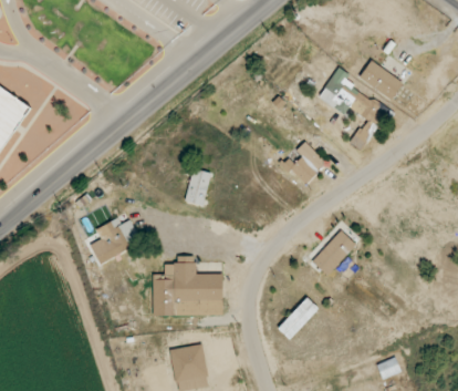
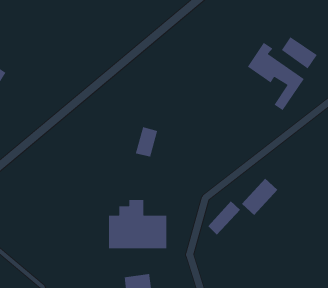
building: [287,142,325,184] -> none
building: [92,218,139,265] -> none
building: [278,298,318,340] -> [208,200,241,236]

